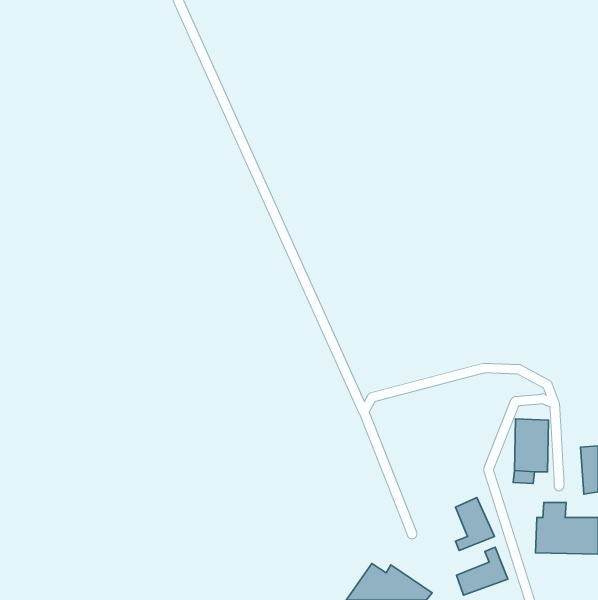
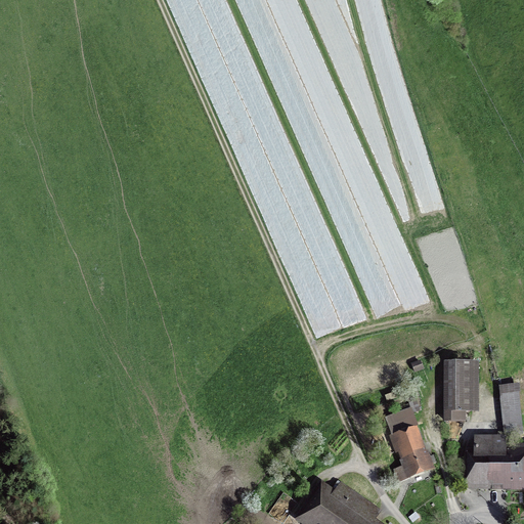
building: none -> [388,414,414,441]
building: [457,547,508,595] -> none

